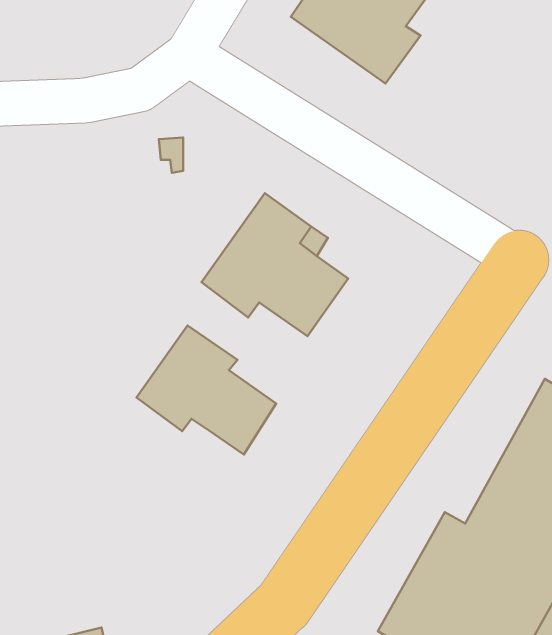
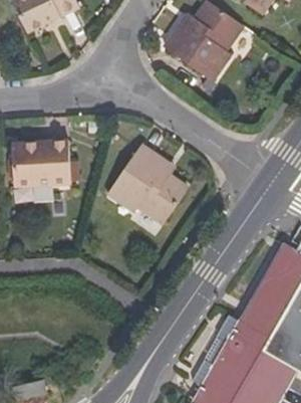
building: none -> [12,142,64,184]
building: [136,326,276,455] -> none

